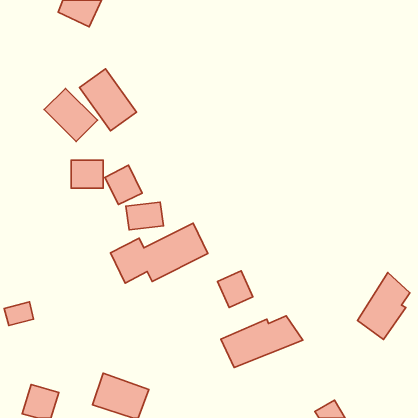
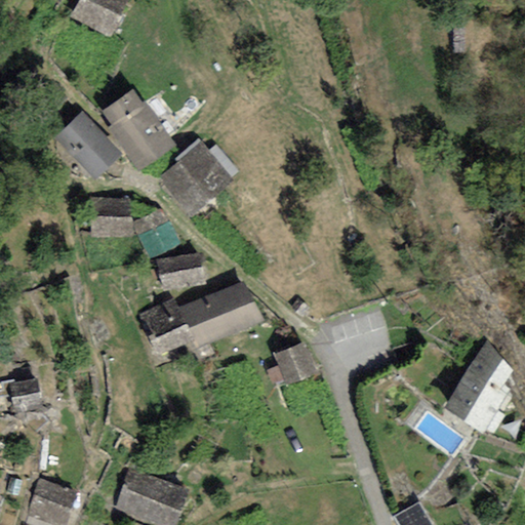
building: none -> [160,140,232,212]
building: [221,316,303,368] -> none

